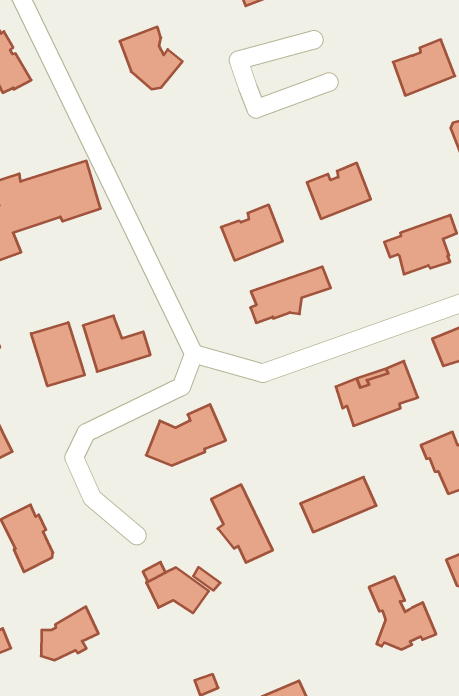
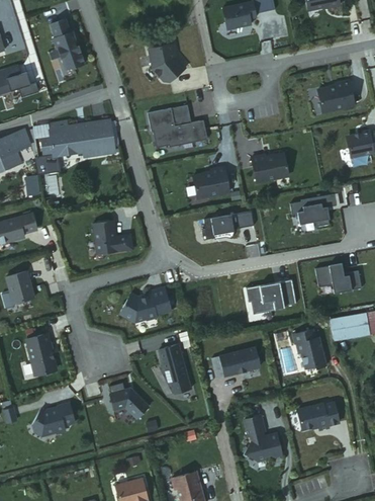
building: none -> [145,104,204,148]
building: [31,322,85,386] -> none

